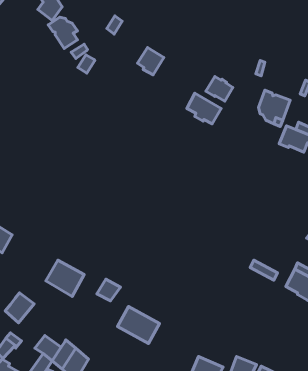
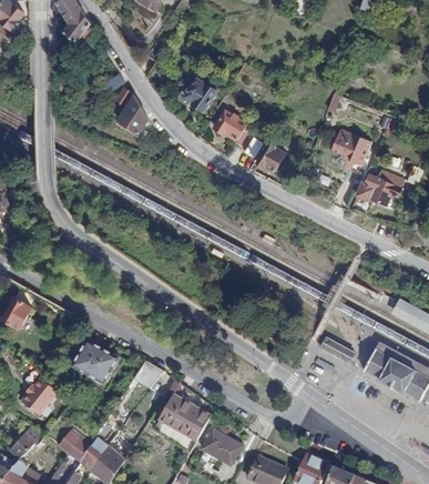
building: [48,17,78,49] -> none
building: none -> [116,94,146,132]
building: [206,77,233,101] -> [212,110,245,140]
building: none -> [201,427,241,464]

